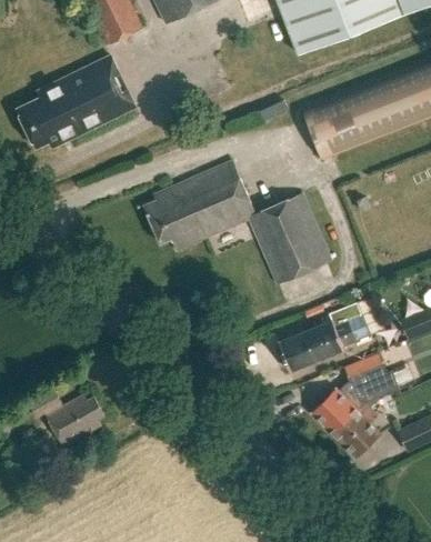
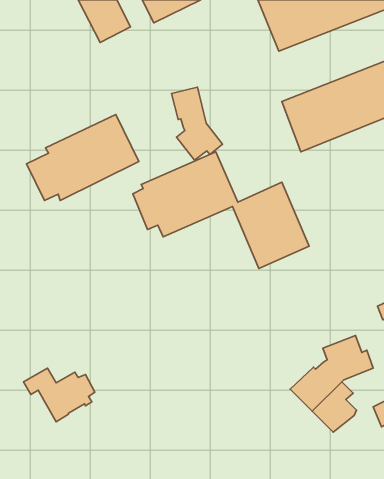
building: [17,57,136,148] -> [27,114,139,200]
building: none -> [171,87,222,160]
building: [278,303,370,372] -> none

